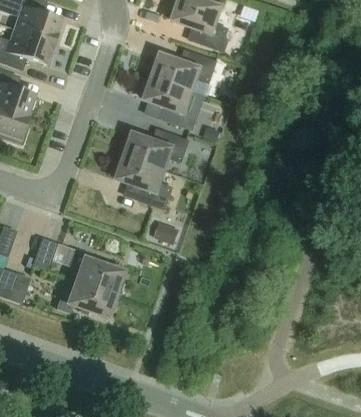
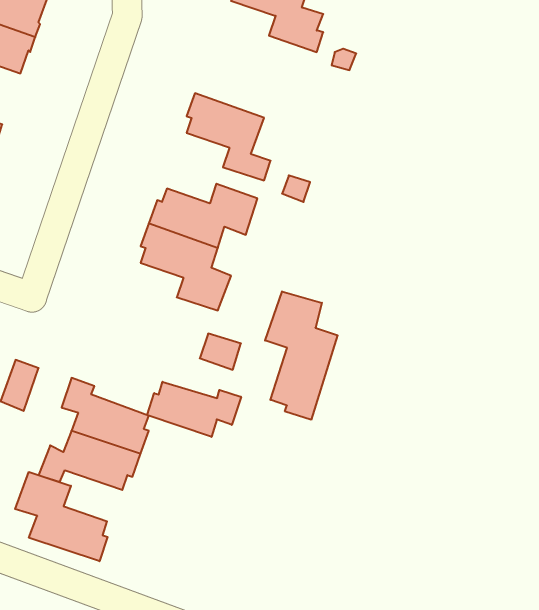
building: [151,51,217,90] -> none
building: none -> [265,291,338,420]
building: none -> [147,382,241,437]
building: none -> [15,472,108,561]

